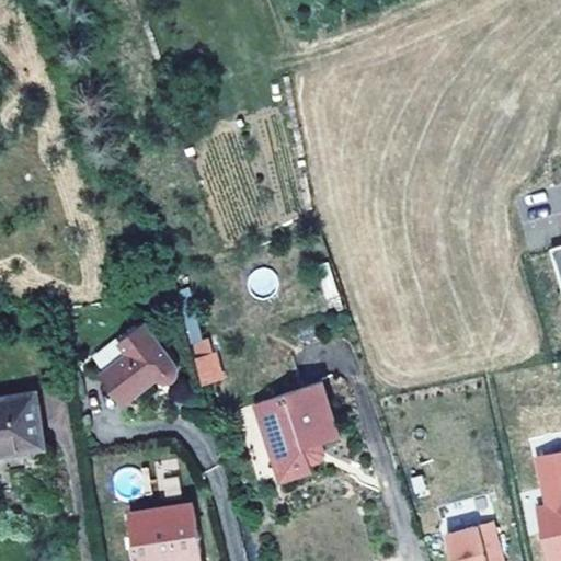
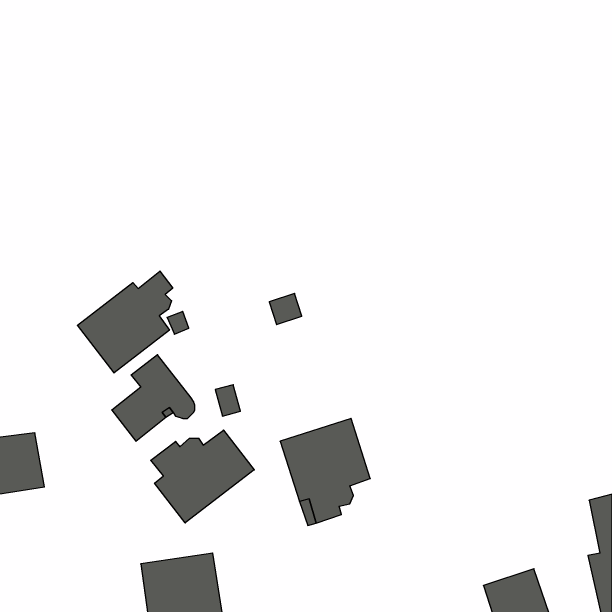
building: none -> [77,271,173,373]
building: none -> [151,430,254,523]

